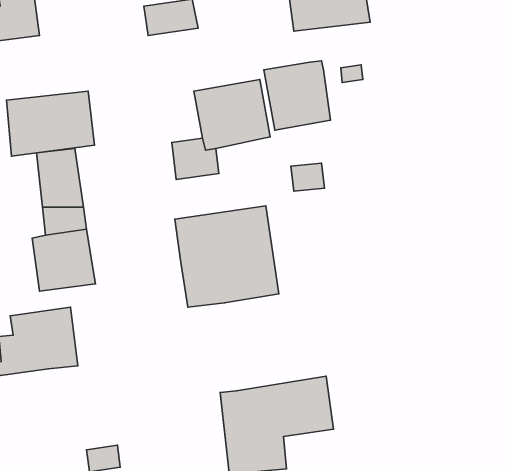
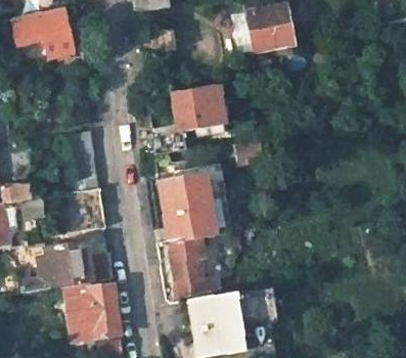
building: [264,61,331,130] -> none
building: [7,91,95,156] -> none
building: none -> [170,238,204,303]
building: none -> [66,283,120,338]

